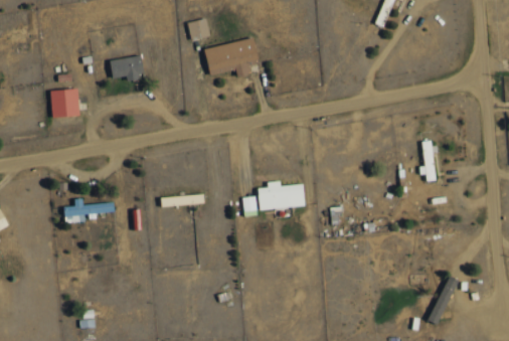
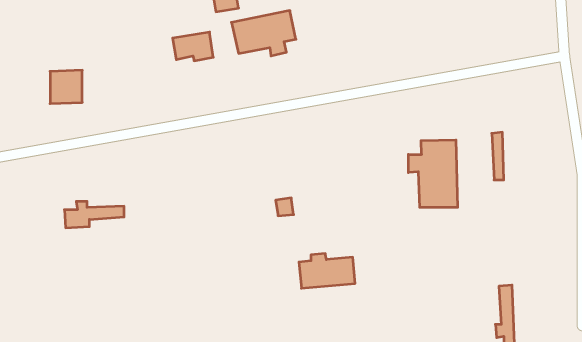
building: [110,55,144,79] -> [173,32,213,61]
building: none -> [408,140,458,207]
building: [258,181,305,210] -> [299,254,355,288]

